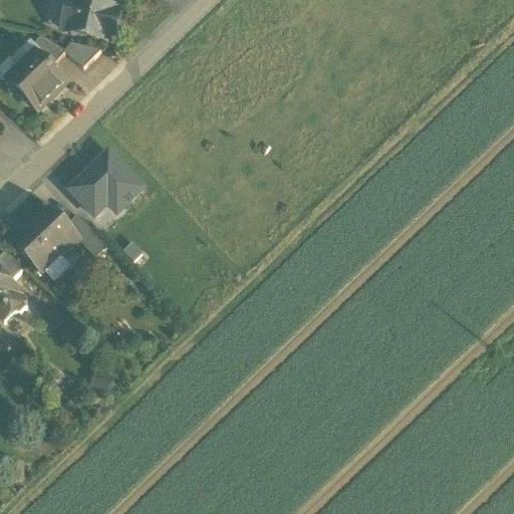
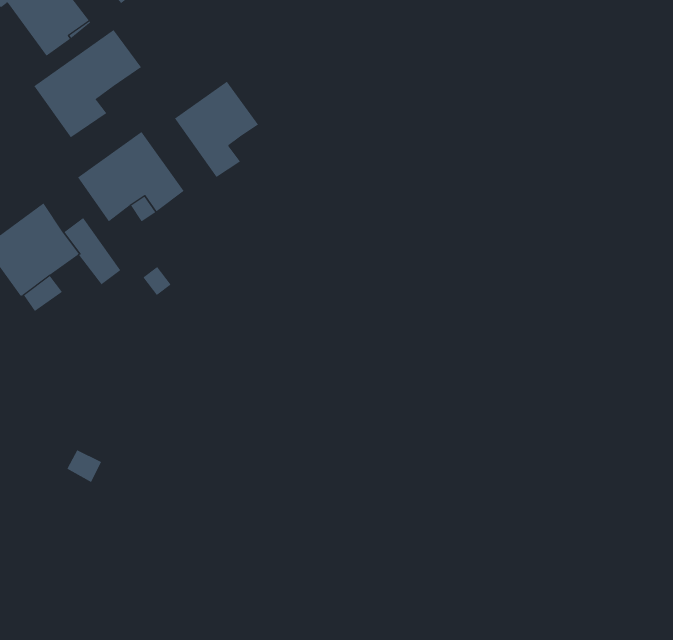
building: none -> [34,29,142,138]
building: none -> [174,81,259,178]

